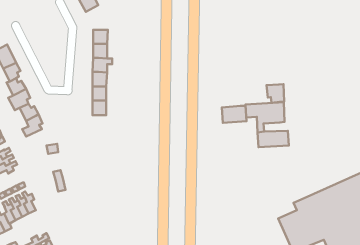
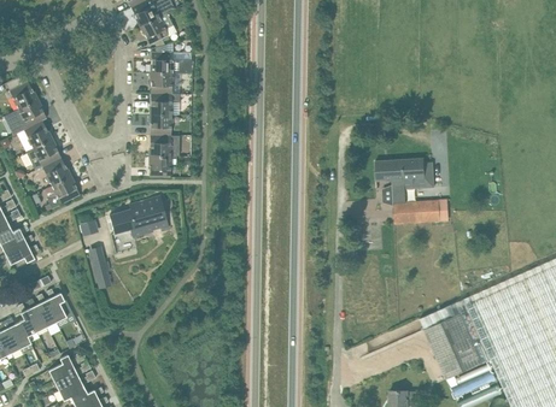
building: none -> [140,14,172,46]
building: [267,84,284,103] -> none
building: [222,106,246,123] -> none
building: none -> [109,196,169,238]

